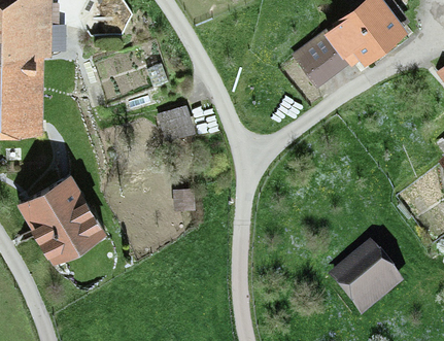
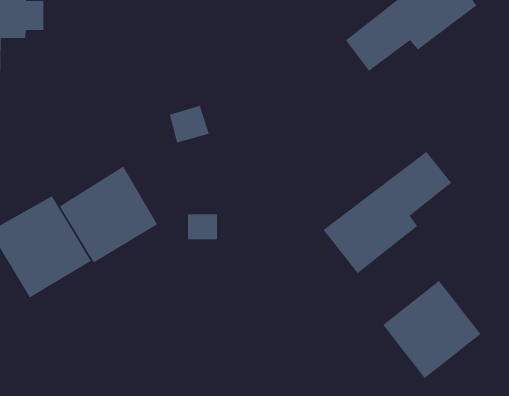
building: none -> [323,151,452,274]
building: none -> [59,165,158,264]

